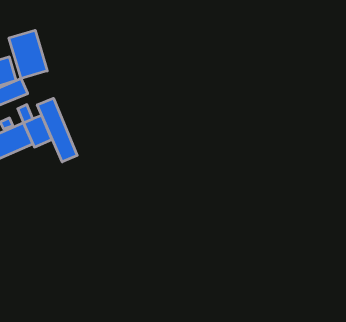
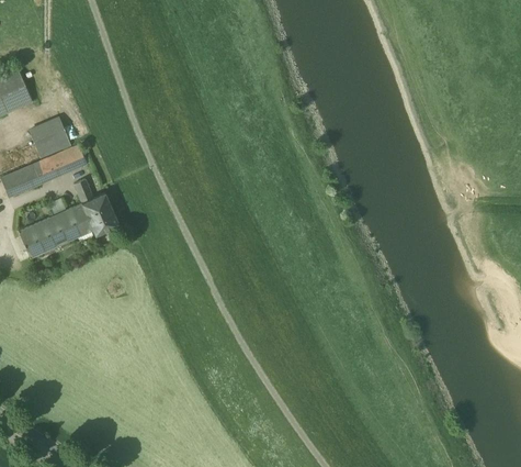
building: [9,30,47,79] -> none
building: [37,98,77,162] -> none

